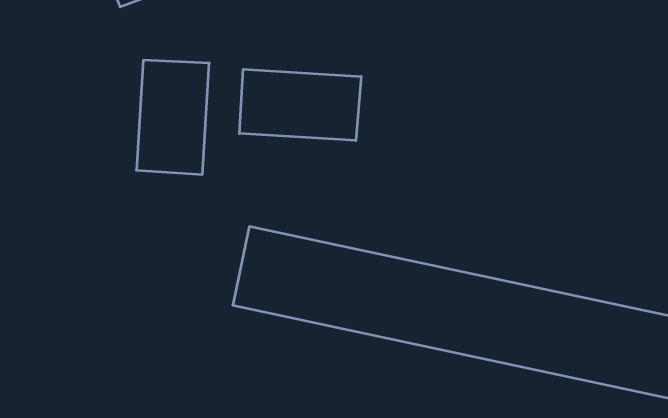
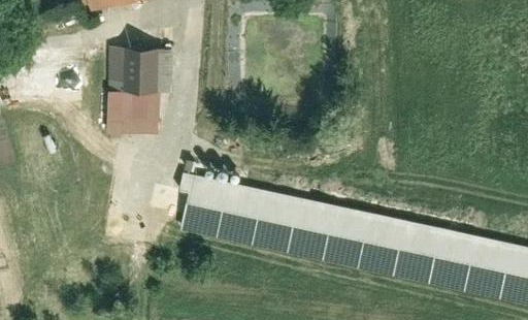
building: [239,69,361,141] -> none

